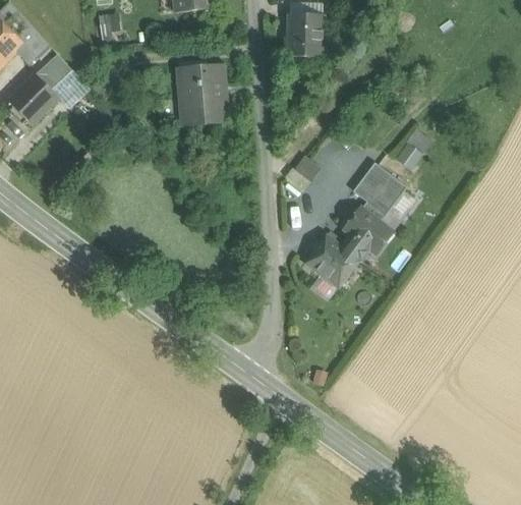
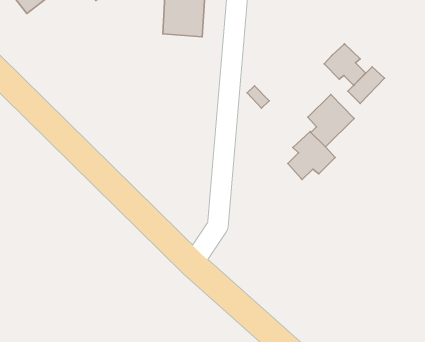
building: none -> [324,44,365,85]
building: [305,235,358,287] -> none

